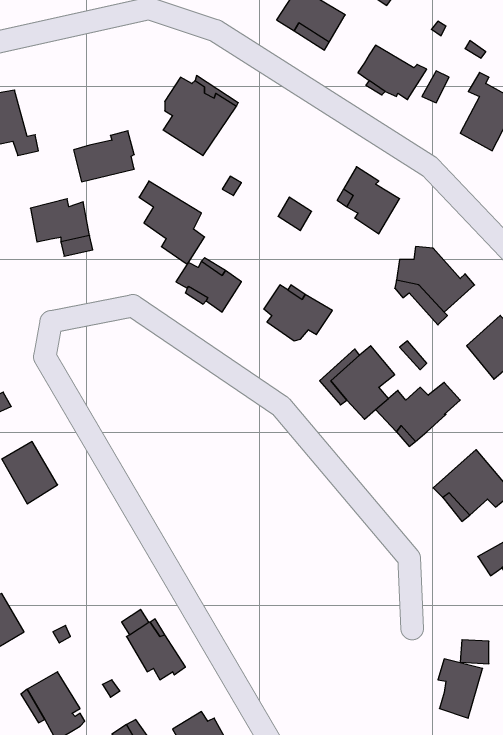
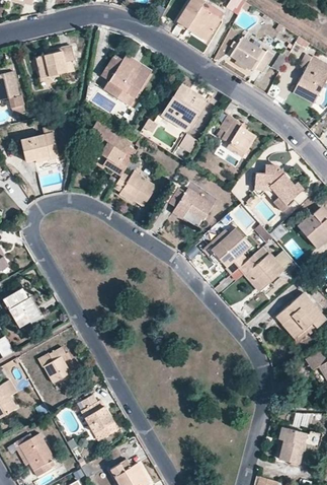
building: none -> [162,83,205,130]
building: [74,131,134,182] -> [36,47,75,79]
building: none -> [36,346,71,383]

